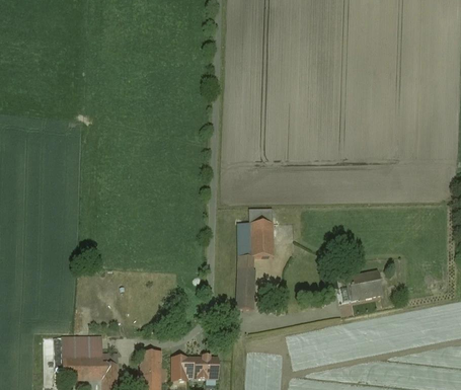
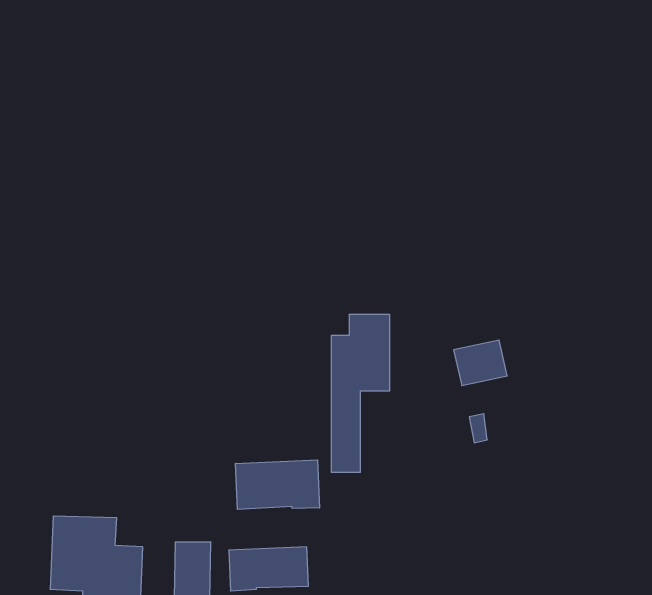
building: [347,270,380,299] -> [454,340,507,386]
building: none -> [236,460,319,509]

